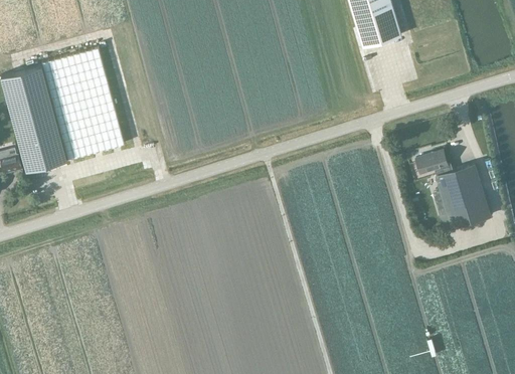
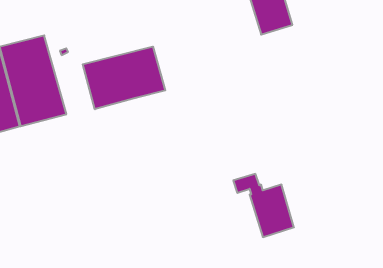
building: none -> [83,47,165,109]
building: [414,152,489,229] -> [233,174,294,237]

